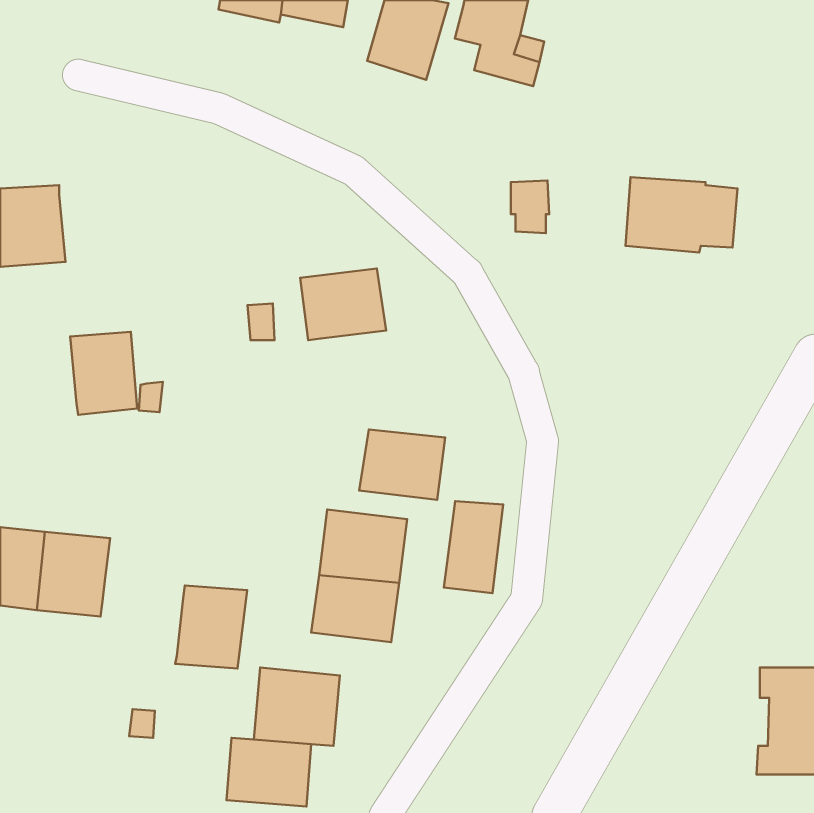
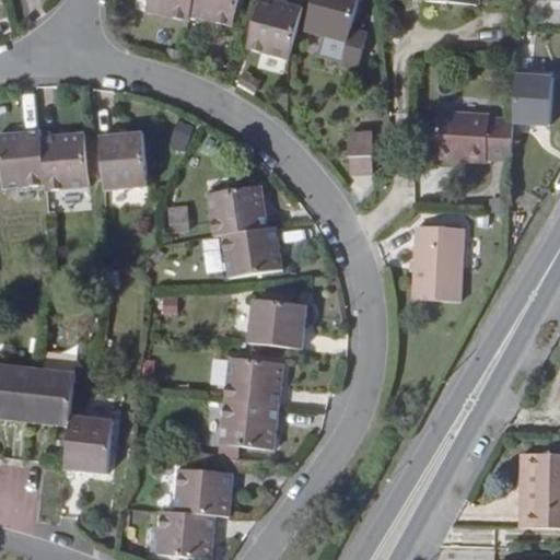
building: none -> [512,78,553,131]
building: none -> [97,131,145,189]
building: none -> [404,221,455,296]
building: none -> [221,228,281,278]
building: [70,332,137,415] -> [42,132,88,189]
building: [444,501,503,593] -> none
building: [175,586,247,669] -> [65,416,114,472]

